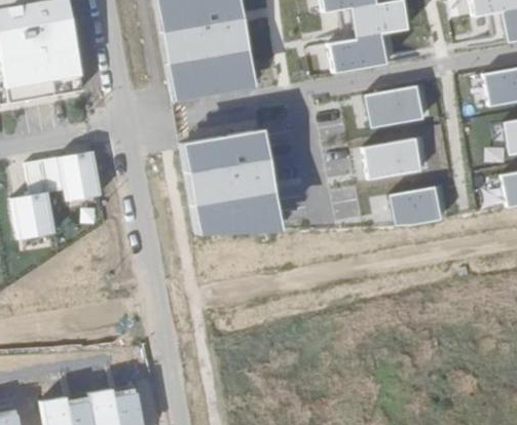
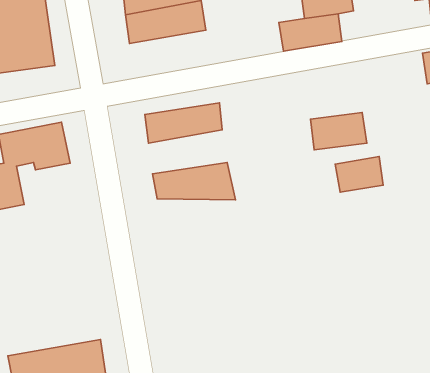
building: [168,50,256,103] -> none
building: [366,86,422,127] -> none
building: [188,157,272,204] -> none

